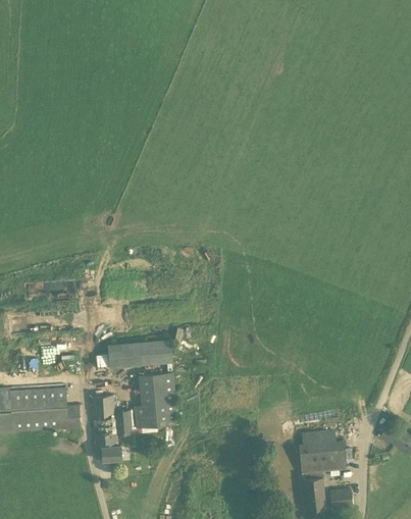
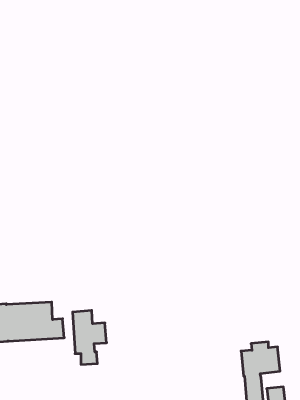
building: [107,340,172,368] -> none
building: [134,372,177,428] -> none

